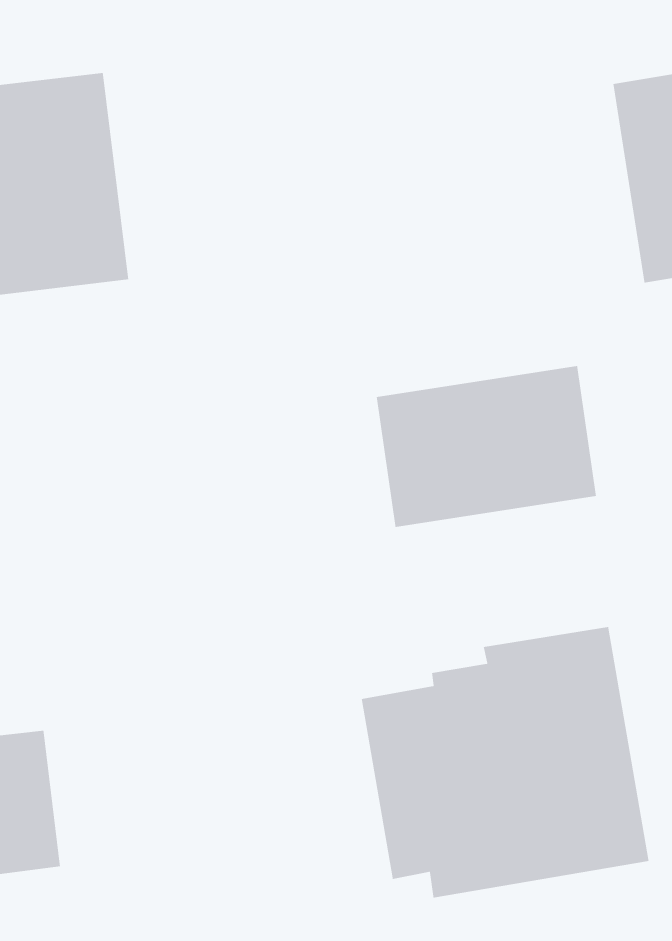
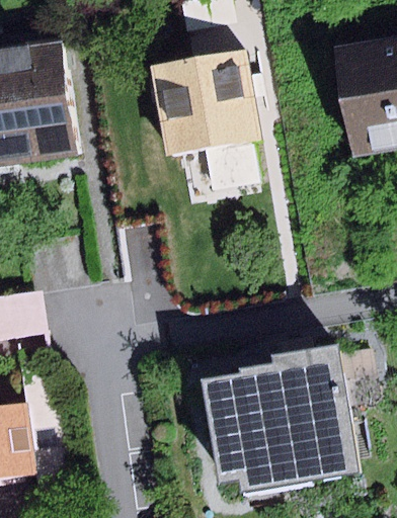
building: none -> [142,46,268,162]
building: [376,365,597,528] -> none

